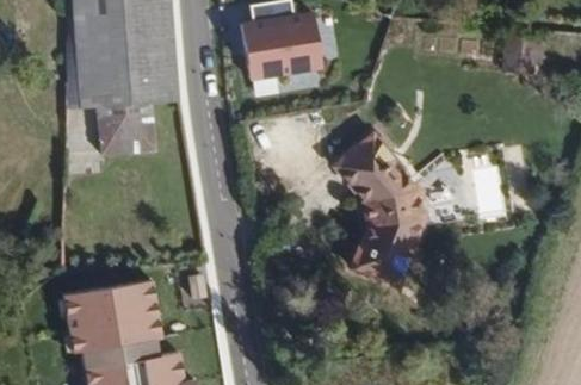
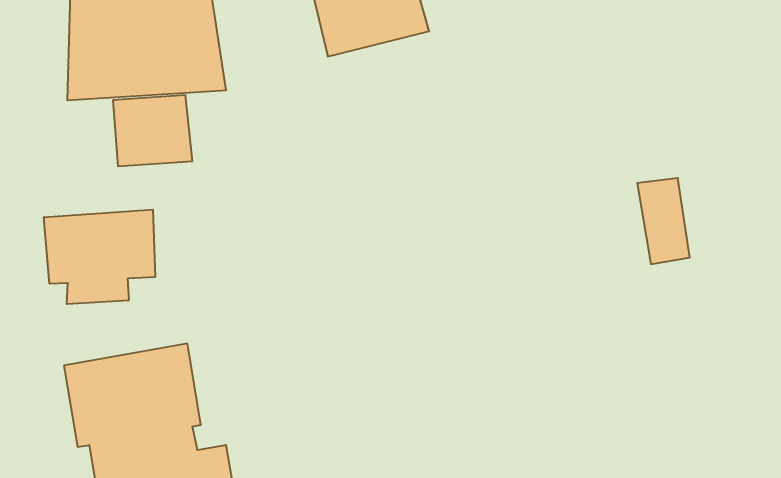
building: [328,125,409,269] -> none
building: none -> [44,210,155,304]

